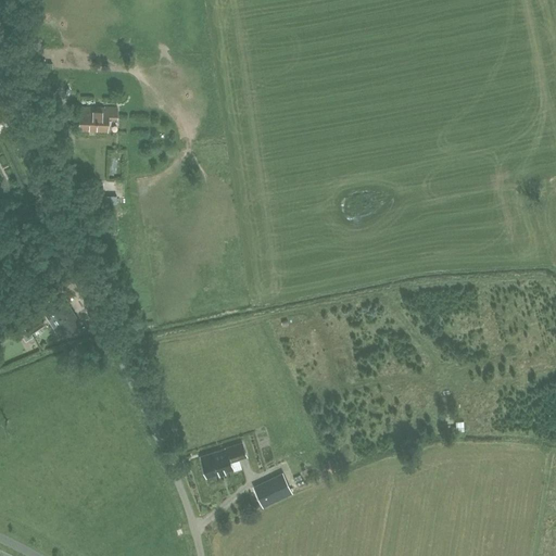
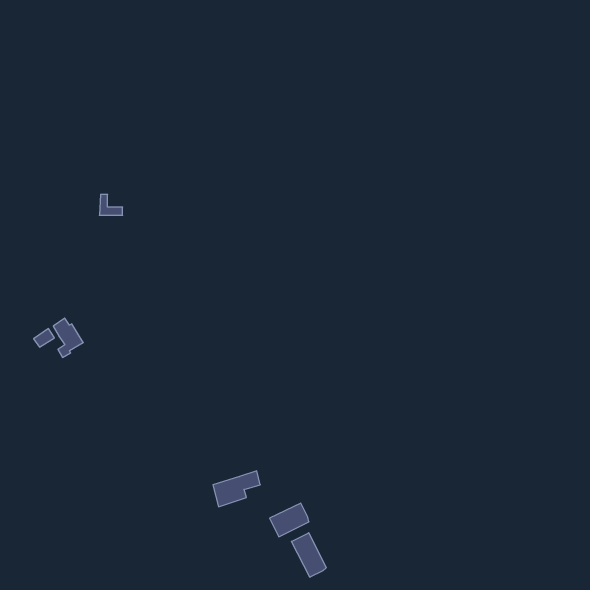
building: [79,105,116,130] -> none
building: none -> [291,533,326,577]

